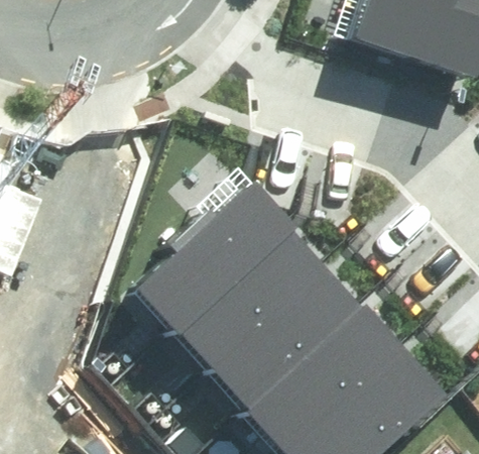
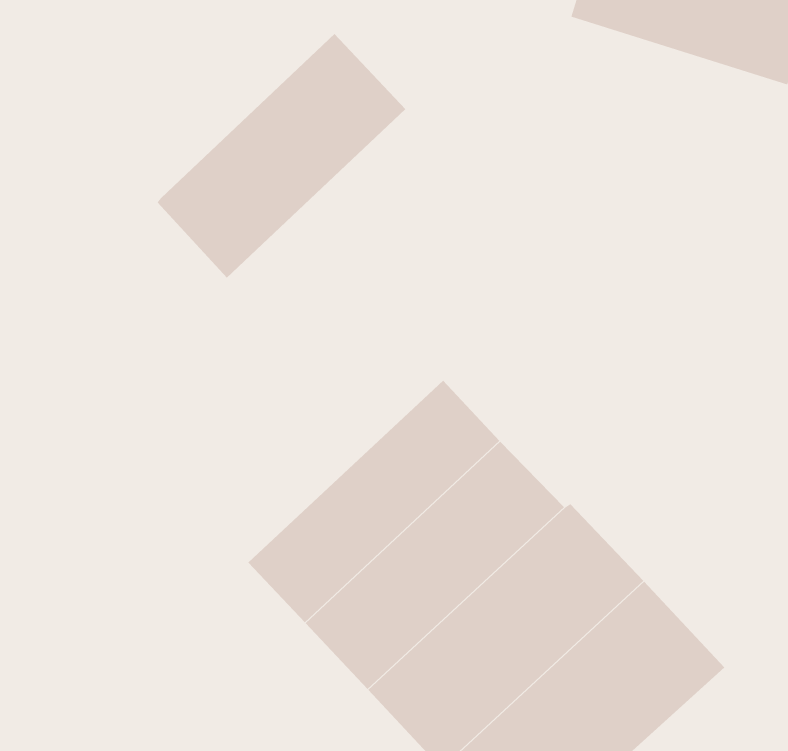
building: none -> [157,33,406,278]
building: [129,183,282,332] -> none

